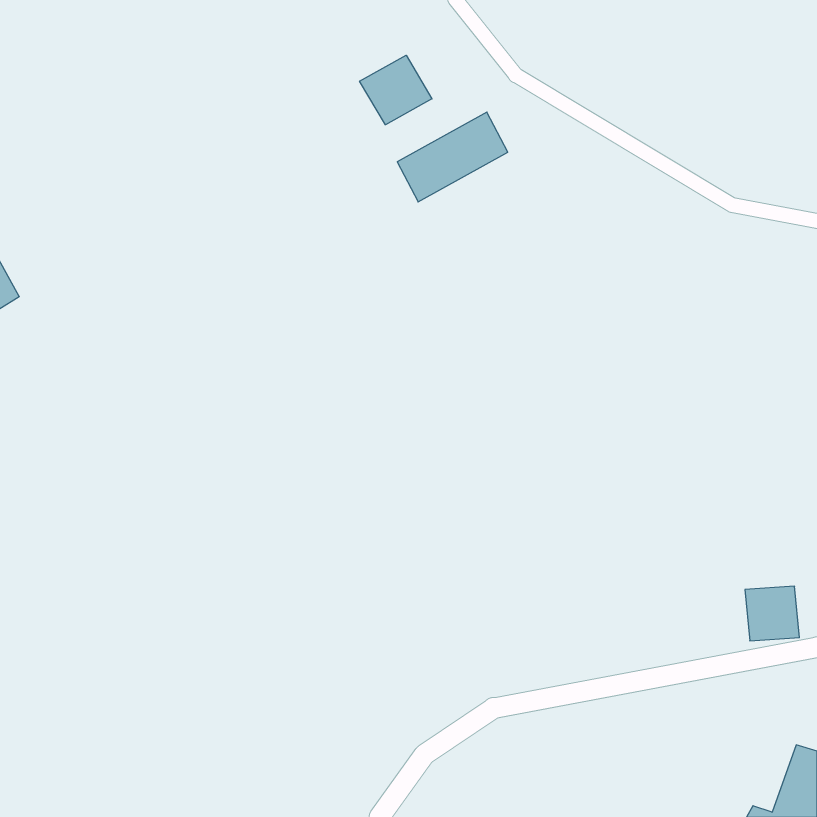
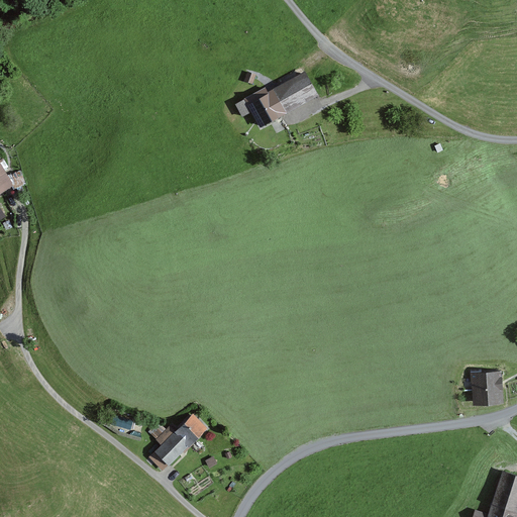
building: [360,55,432,125] -> none
building: none -> [156,414,210,469]

